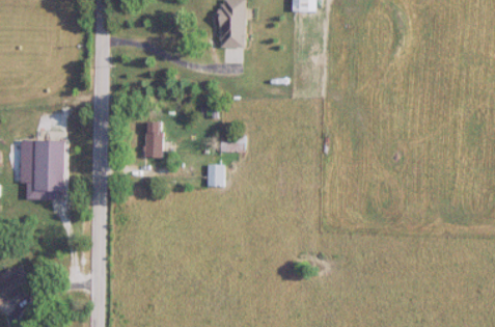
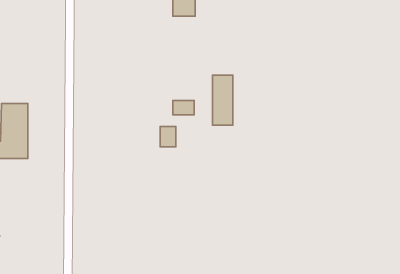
building: none -> [212,75,233,125]
building: [145,121,163,158] -> none

